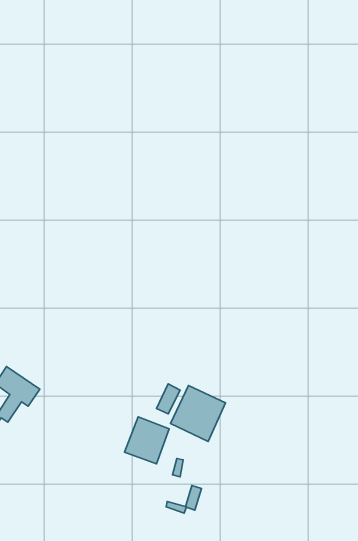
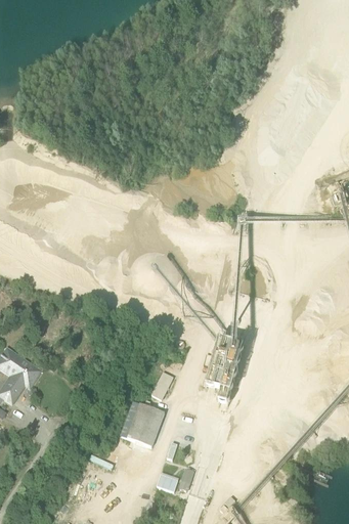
building: [170,386,225,441] -> none

